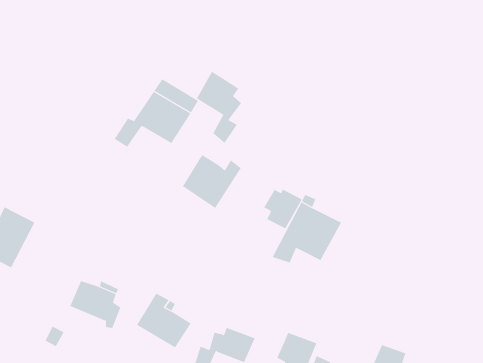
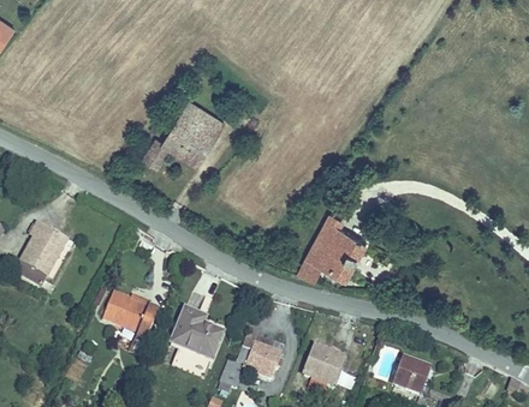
building: [196,71,242,144] -> none
building: [182,154,242,209] -> none
building: [264,189,302,229] -> none

